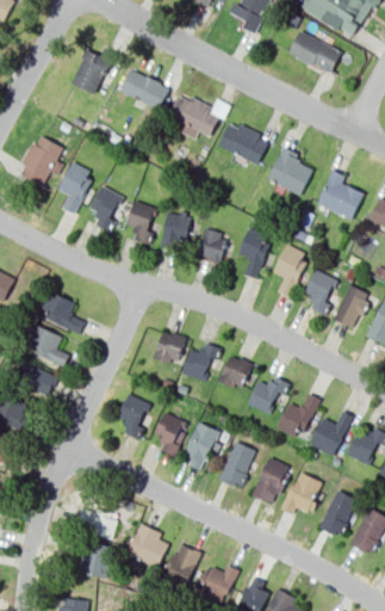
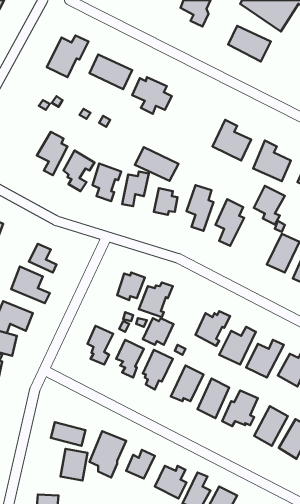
building: [218,125,271,166] -> [135,147,178,181]
building: [23,136,66,185] -> none
building: [300,270,337,316] -> [254,186,285,225]
building: [217,356,254,388] -> [143,318,174,345]

